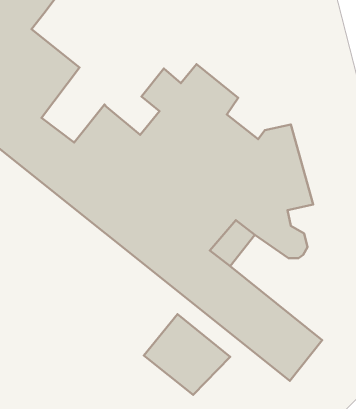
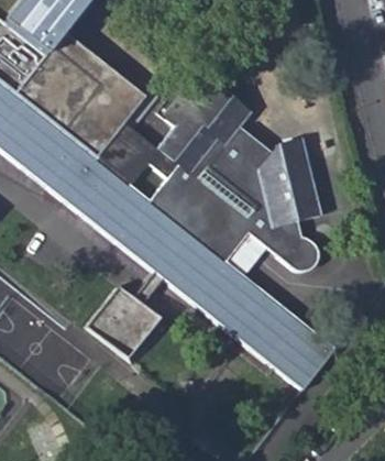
building: none -> [50,29,144,155]
building: [144,314,230,395] -> [84,283,168,362]

